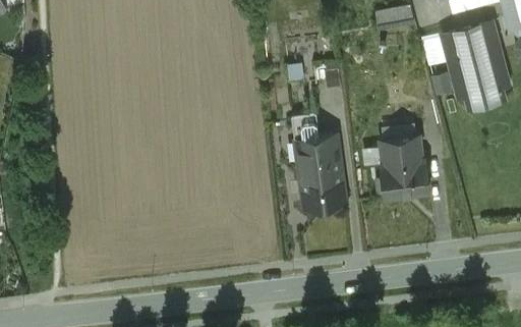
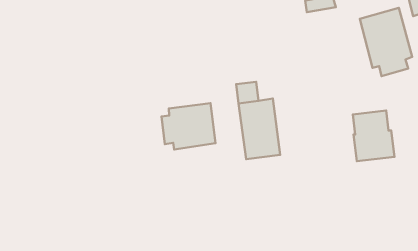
building: [380,135,430,198] -> [353,110,394,161]
building: none -> [161,103,216,150]

